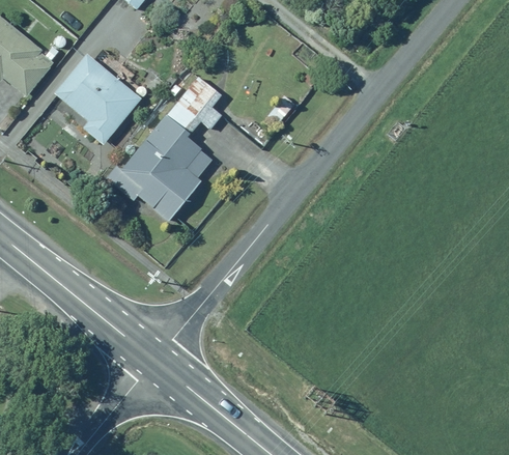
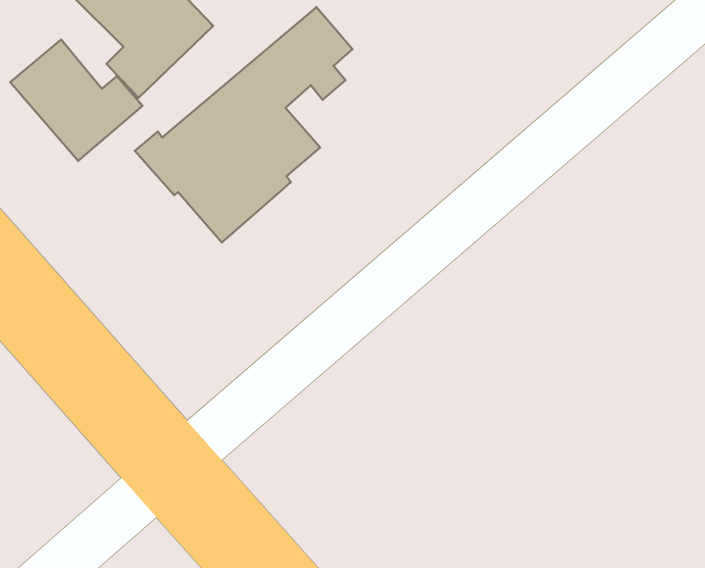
building: none -> [10,40,143,161]

